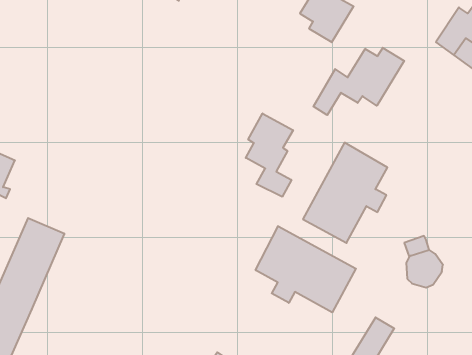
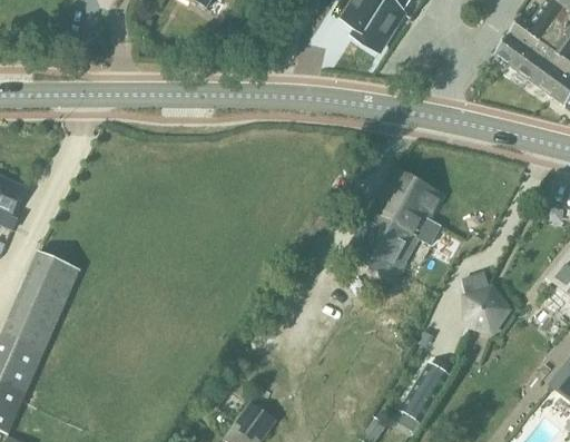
building: [313,48,404,115] -> none
building: [246,113,293,197] -> none
building: [256,226,356,312] -> none

